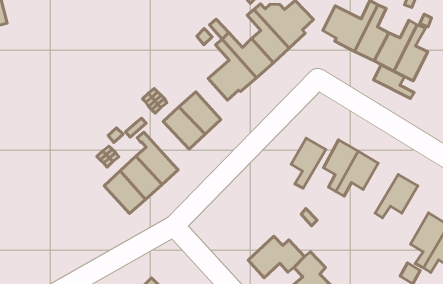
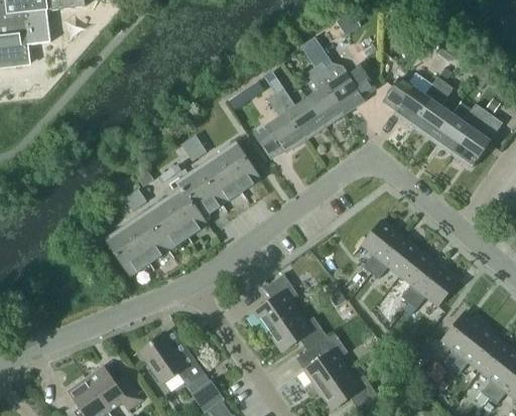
building: [374,65,414,99] -> none
building: none -> [176,171,222,218]
building: [291,138,326,188] -> [399,250,438,302]
building: none -> [107,230,148,276]
building: none -> [252,274,297,331]

